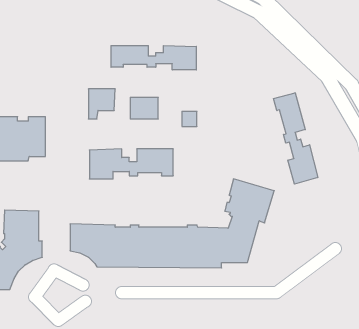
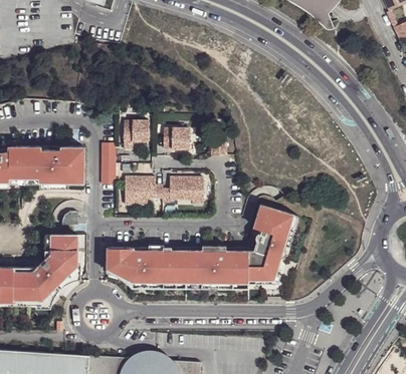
building: [111,46,196,70] -> none
building: [274,93,318,184] -> none
building: none -> [100,142,115,183]

